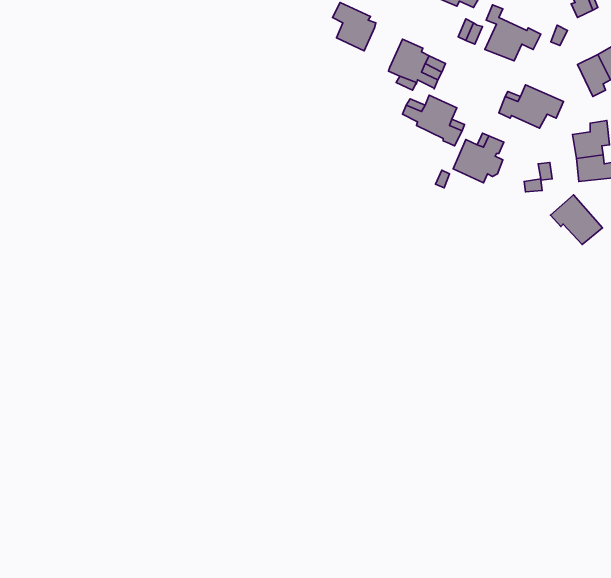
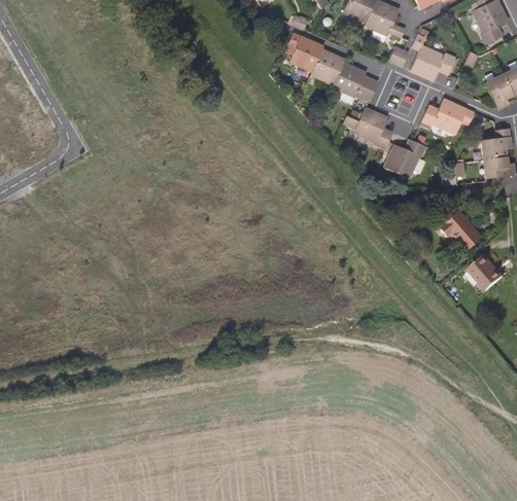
building: none -> [311,51,345,84]
building: [551,195,603,244] -> [439,210,481,250]
building: none -> [469,255,504,290]

